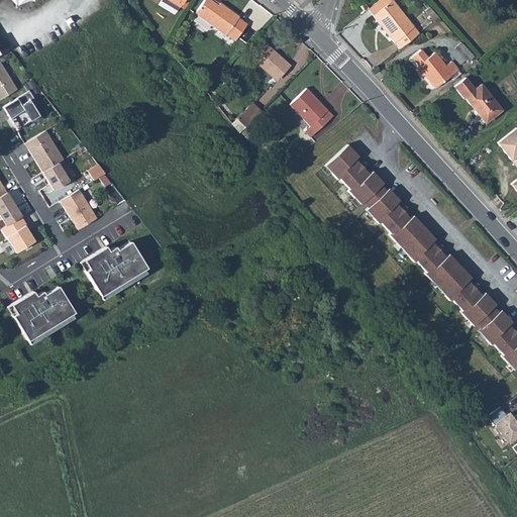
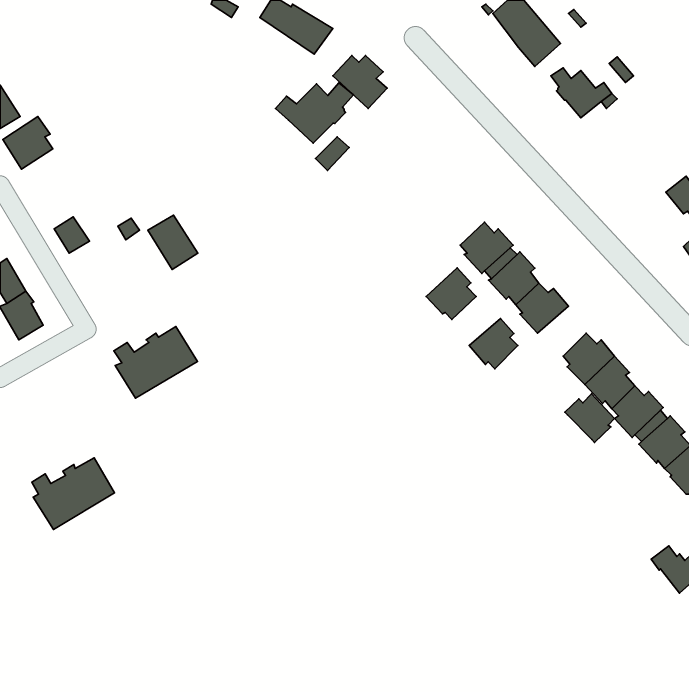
building: none -> [276,83,353,143]
building: [454,77,503,121] -> none
building: [290,88,333,137] -> none
building: [24,129,63,171] -> none
building: [326,144,364,183] -> [426,268,476,319]
building: [60,189,97,229] -> [148,215,198,269]
building: [403,228,439,266] -> [469,319,518,369]
building: [15,288,77,341] -> [32,458,114,530]
building: none -> [565,394,615,442]

